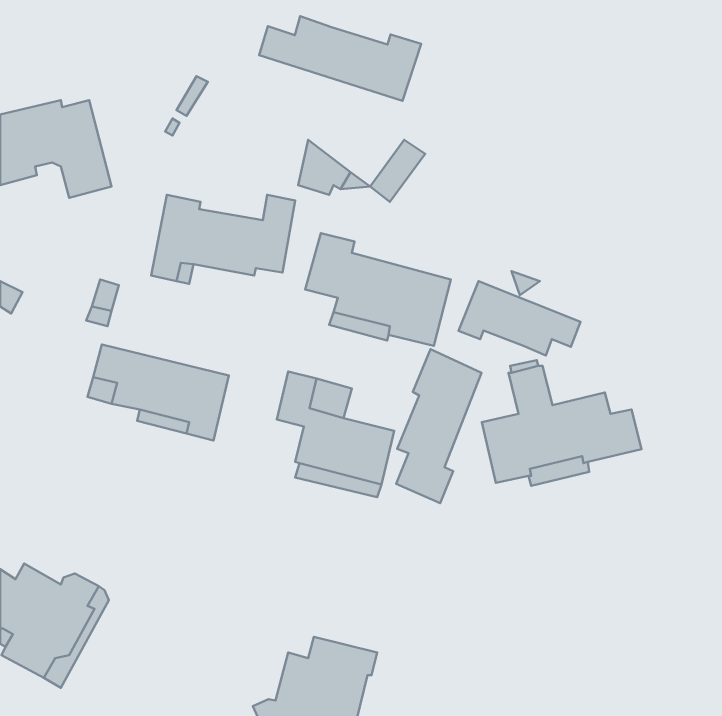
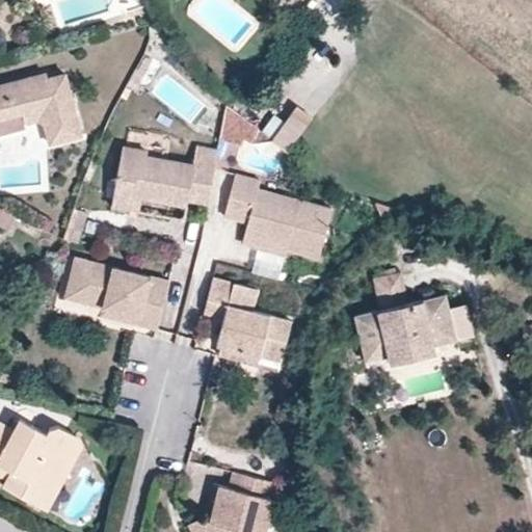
building: [259,16,421,101] -> none
building: [458,281,581,356] -> none
building: [396,349,481,503] -> none

